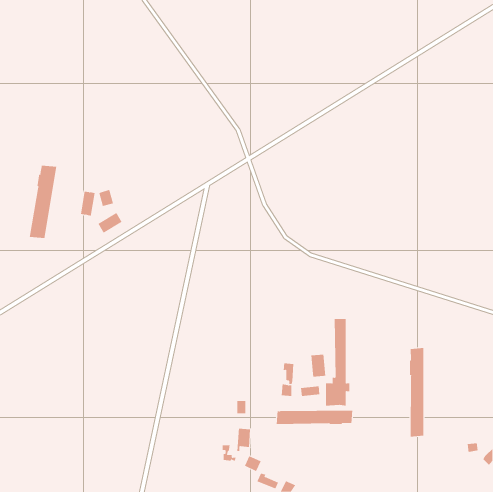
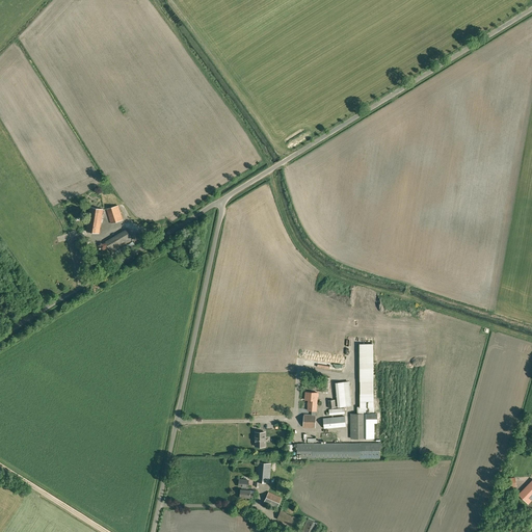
building: [29,165,57,239] -> none
building: [409,347,424,438] -> none

